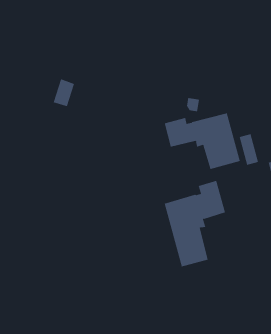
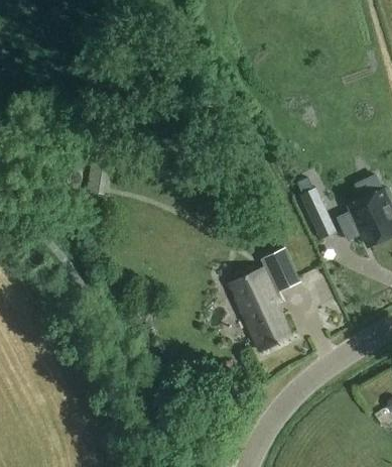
building: [164,113,241,170] -> none

